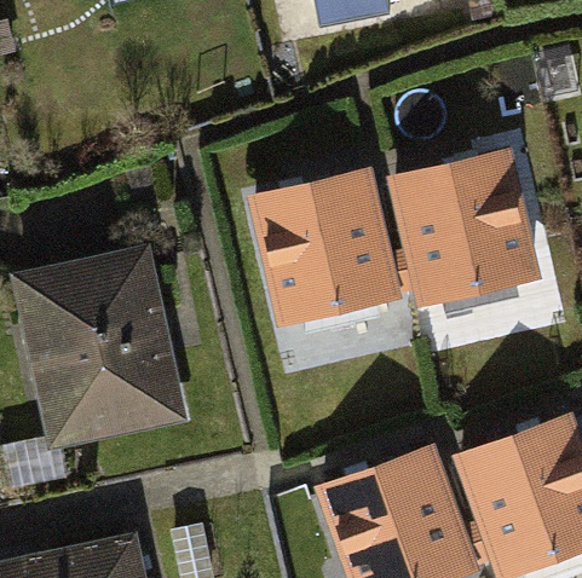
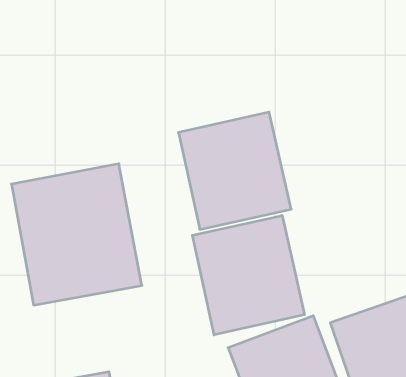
building: [386,152,541,307] -> none
building: none -> [192,215,304,335]

